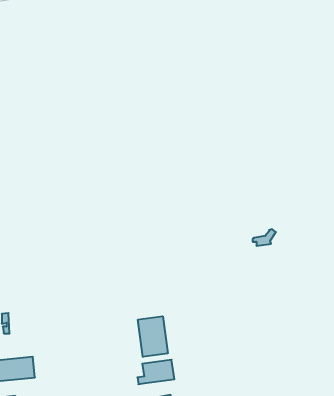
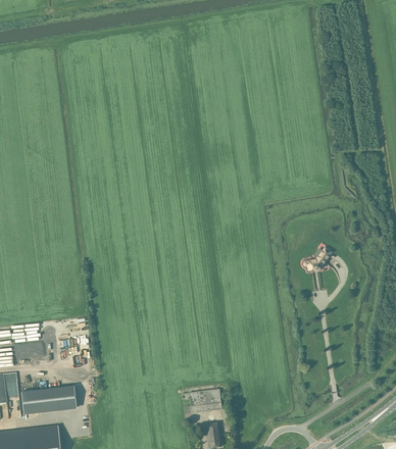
building: [138,316,168,357] -> none

